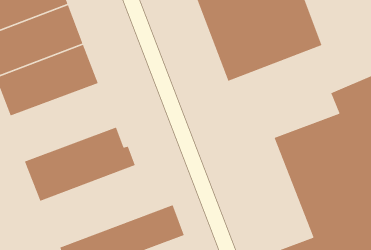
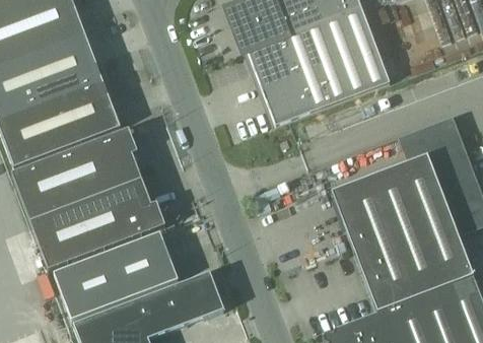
building: none -> [12,128,142,220]
building: none -> [54,231,178,320]

